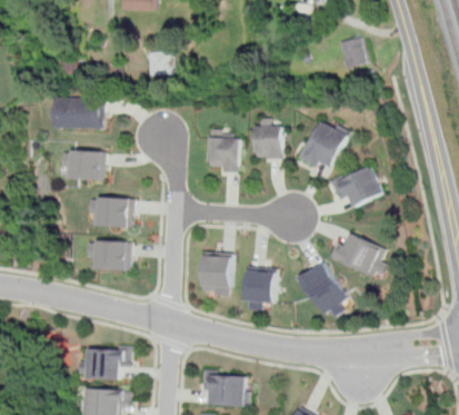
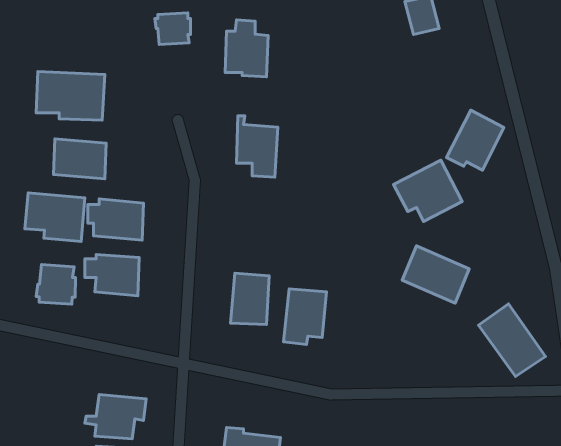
building: [248,118,281,162] -> [225,20,268,77]
building: [296,122,340,169] -> [447,110,504,170]
building: none -> [25,193,85,242]
building: none -> [36,265,76,304]
building: [298,260,350,317] -> [478,304,546,377]

